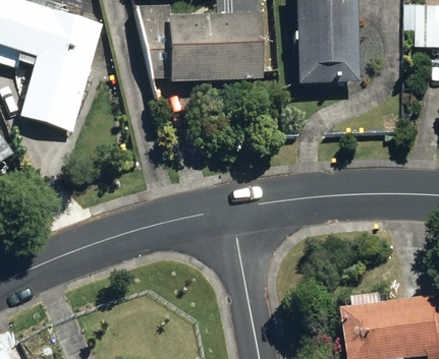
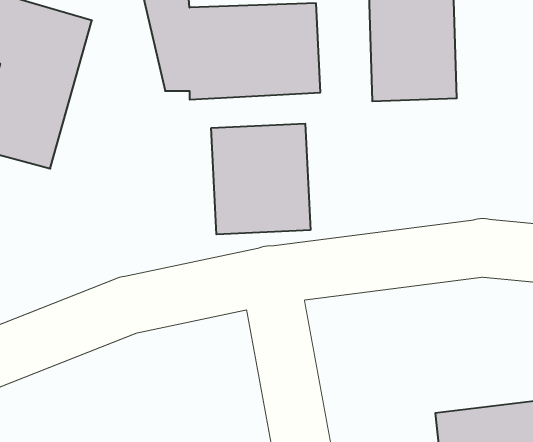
building: none -> [211,124,310,234]

